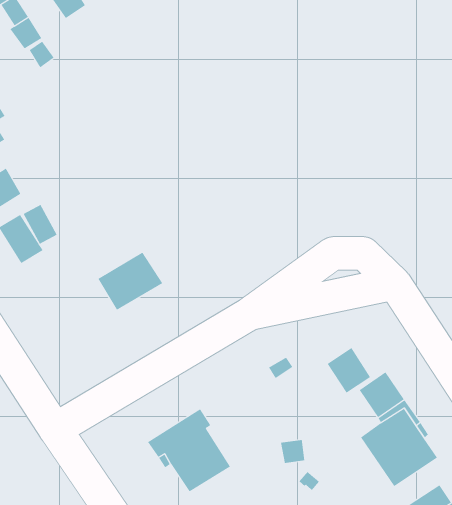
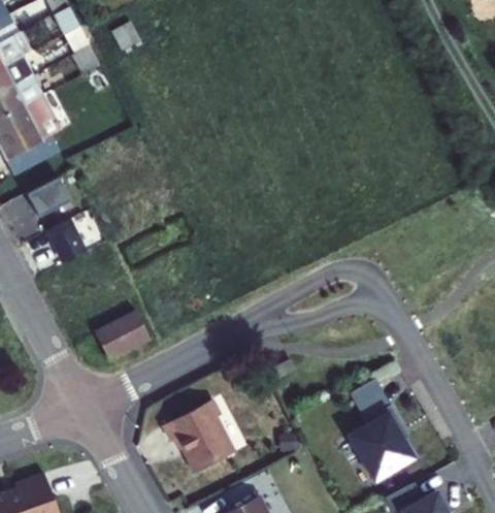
building: [97,252,163,311] -> [93,311,150,360]
building: [327,347,371,394] -> none

